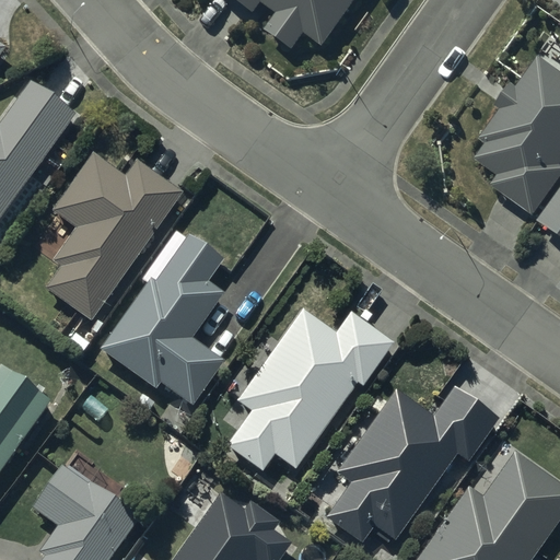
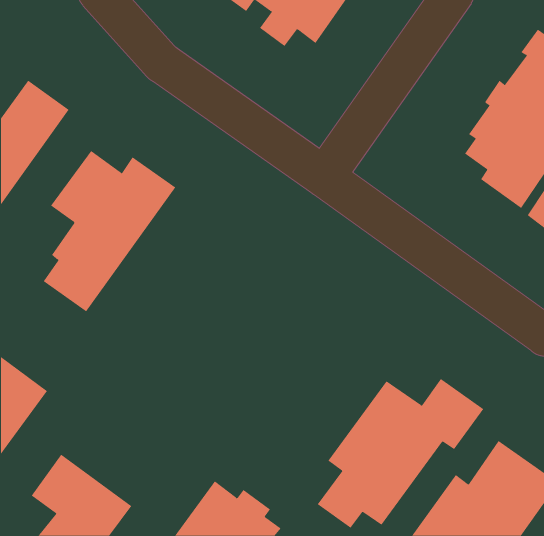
building: [102,236,223,405] -> none
building: [226,310,394,471] -> none

